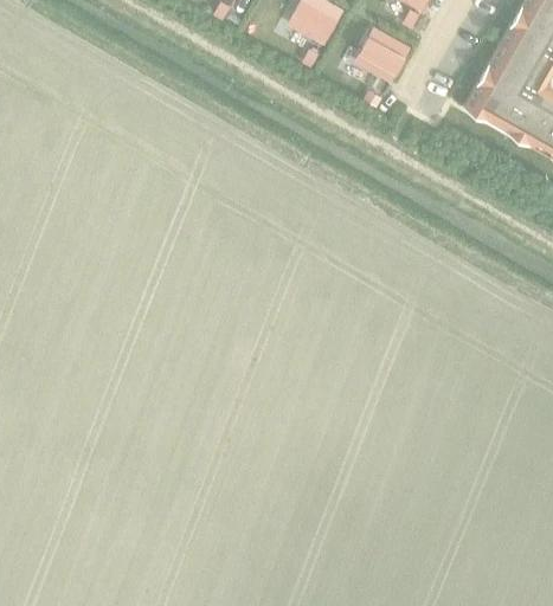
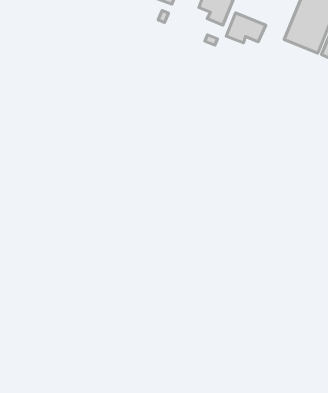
building: none -> [226,13,266,43]

